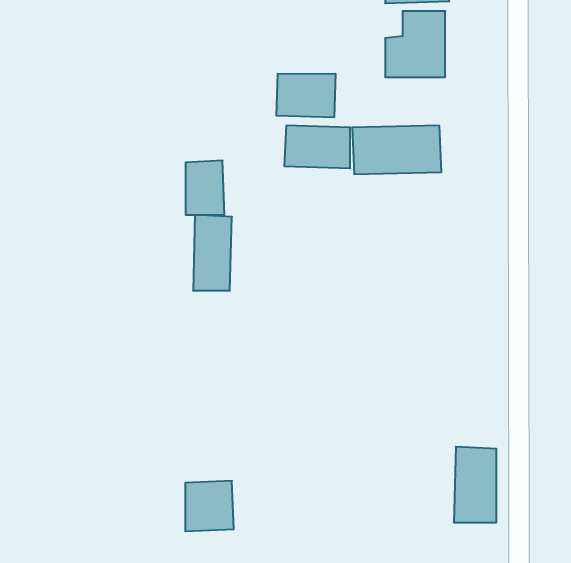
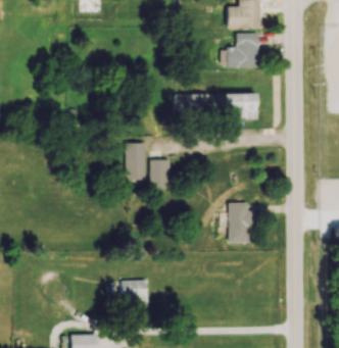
building: [276,74,335,117] -> none
building: [186,160,224,215] -> [151,158,172,187]
building: [454,447,496,522] -> [229,202,251,242]

